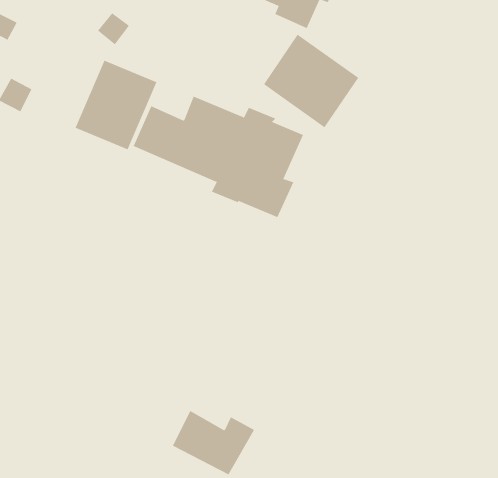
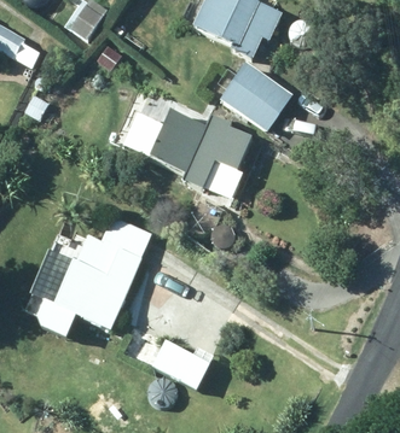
building: [75,60,157,150] -> none
building: none -> [35,217,150,337]

